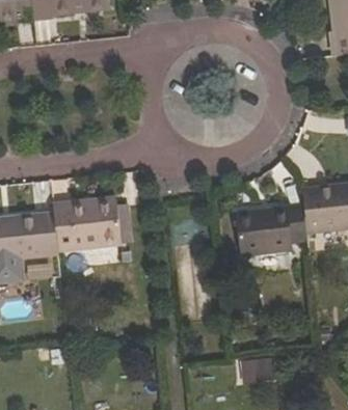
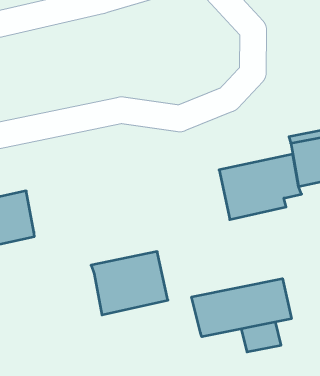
building: [53,196,121,249] -> [91,252,168,315]
building: none -> [192,279,291,337]

